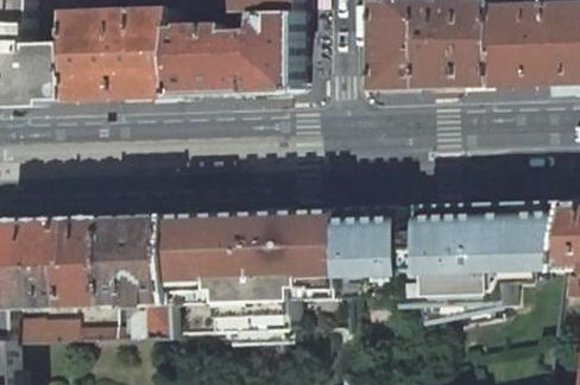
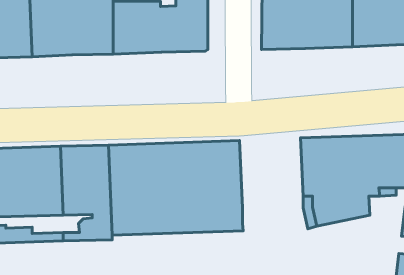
building: [335,206,399,296] -> none

